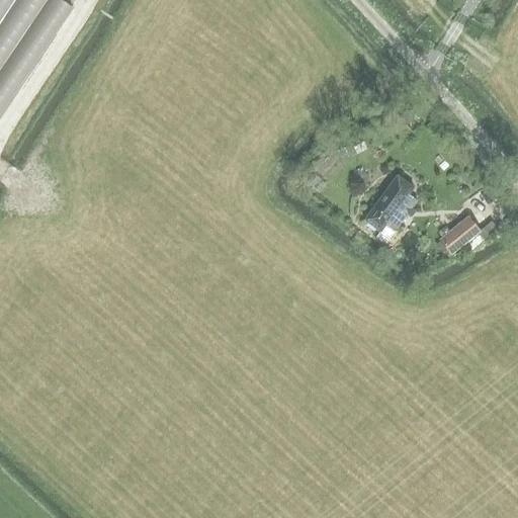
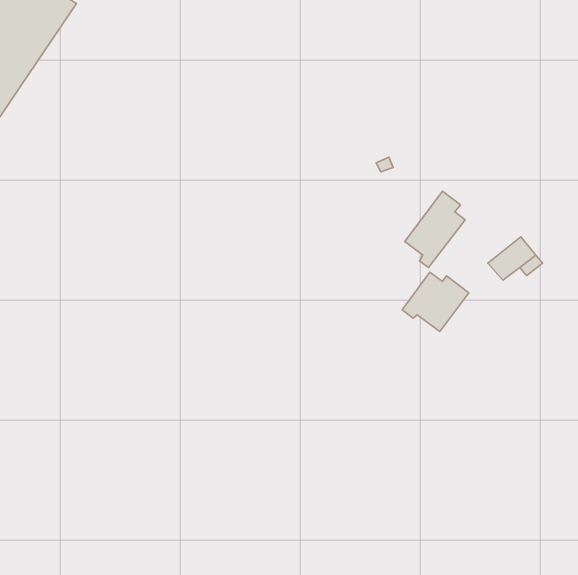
building: none -> [402,272,469,332]

